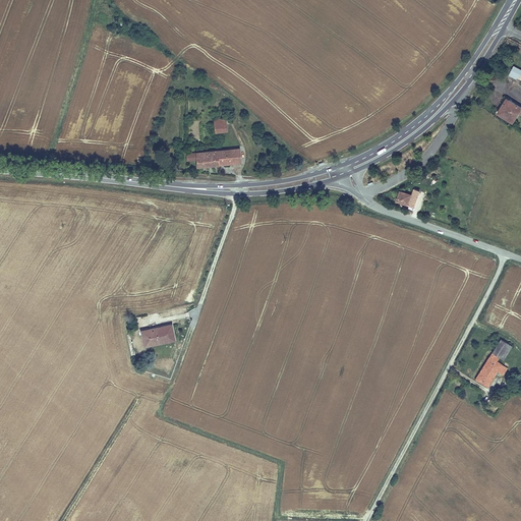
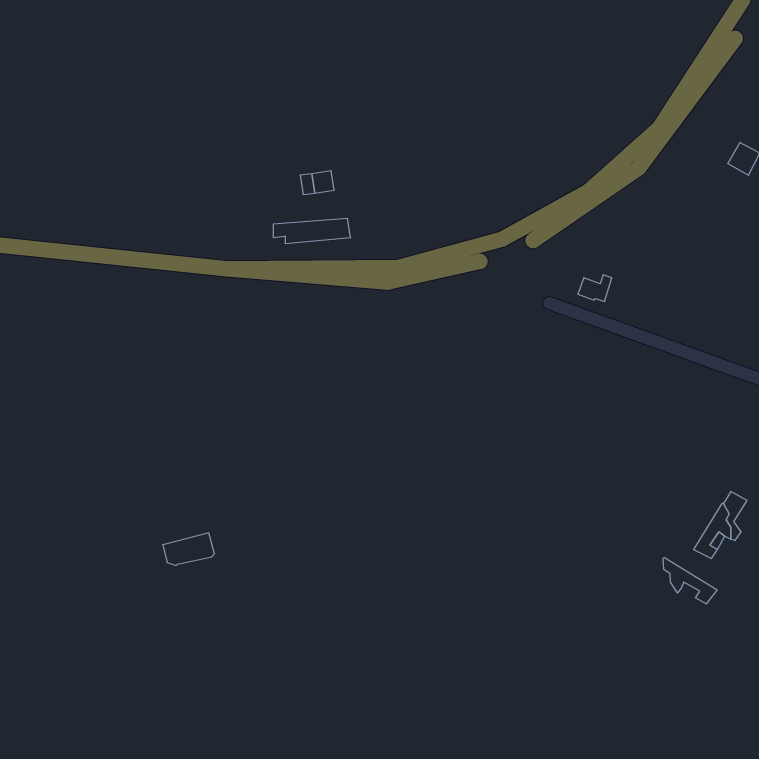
building: [140,325,176,347] -> [163,533,215,566]
building: none -> [663,558,717,604]

